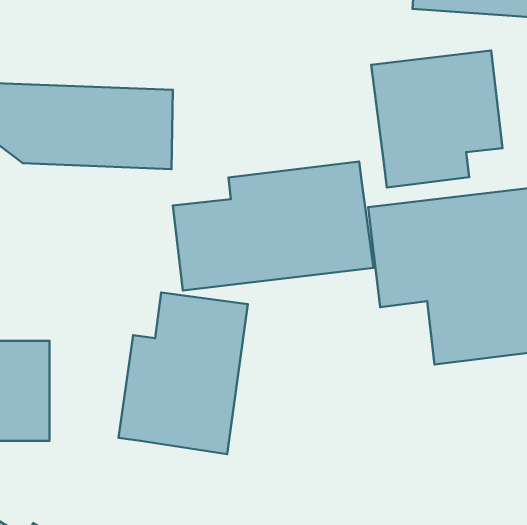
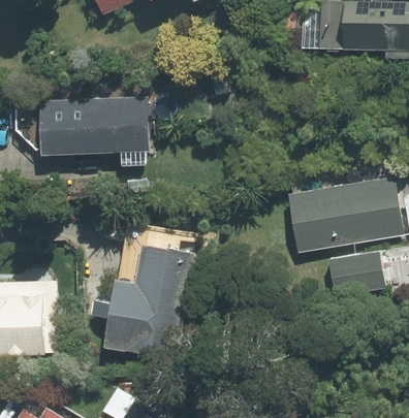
building: [371,51,503,188] -> none
building: [173,161,374,290] -> none

